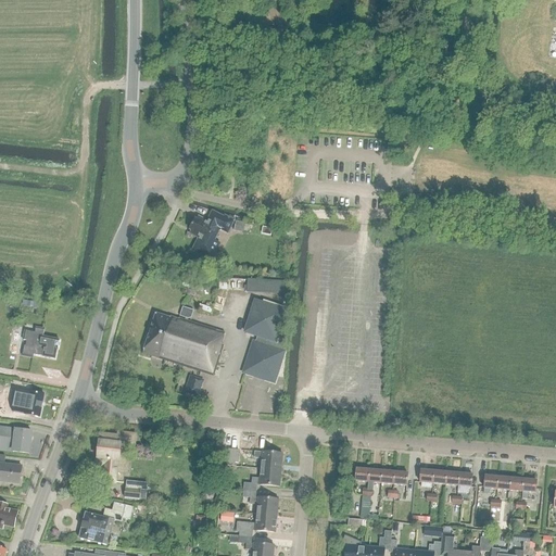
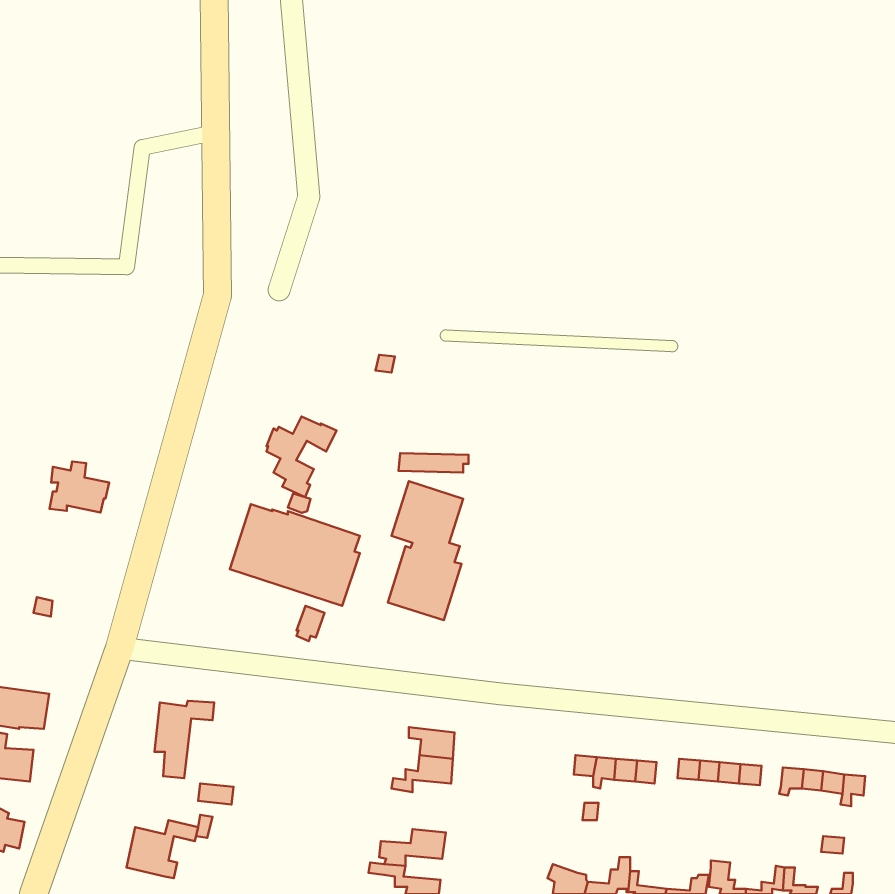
building: [188,210,231,260] -> [266,416,337,497]
building: [22,325,59,356] -> [49,462,109,513]
building: [17,389,43,414] -> none
building: [242,488,277,515] -> none

